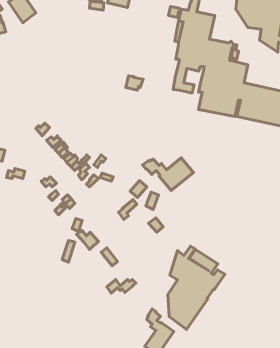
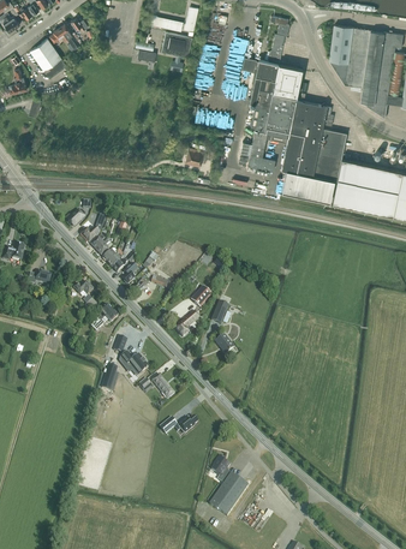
building: [142,158,193,191] -> none
building: [168,246,225,329] -> none

